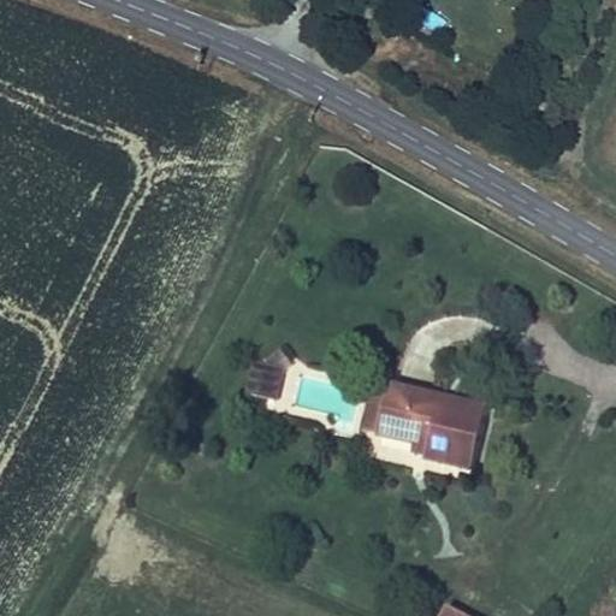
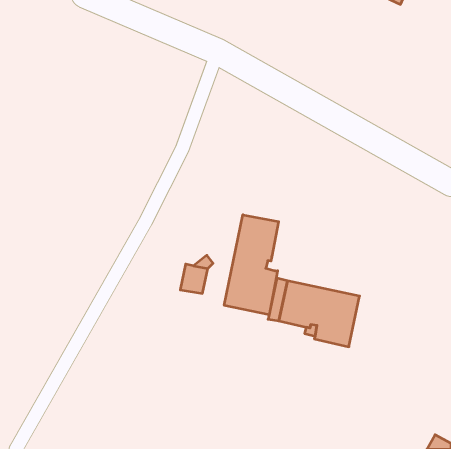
building: none -> [224,215,279,315]

